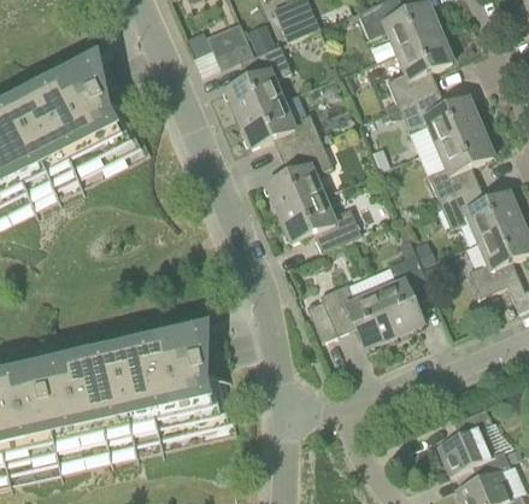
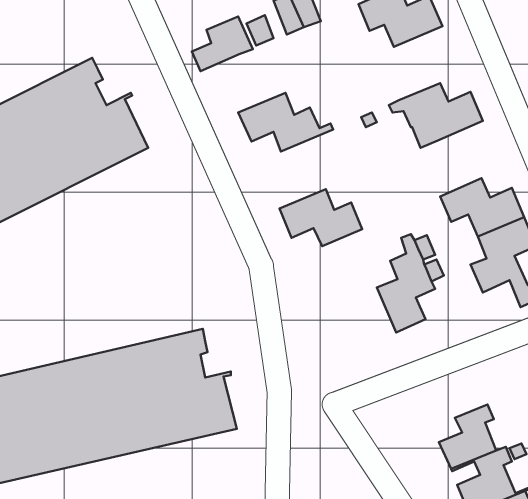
building: [386,30,452,104] -> none
building: [225,42,290,116] -> none
building: [427,124,493,199] -> none
building: [266,133,333,211] -> none
building: [305,280,394,346] -> none

